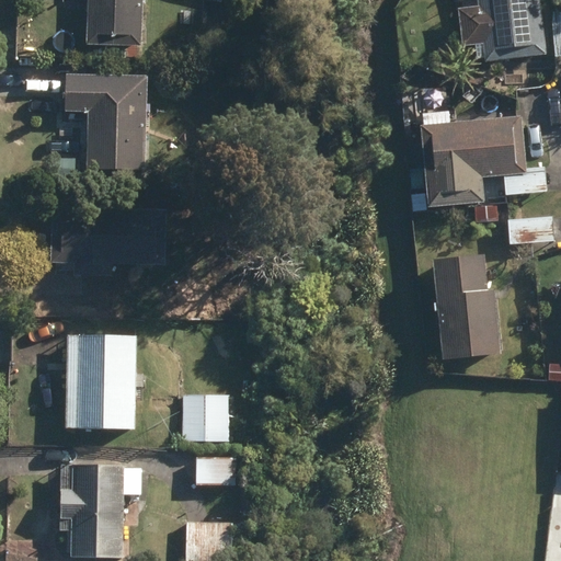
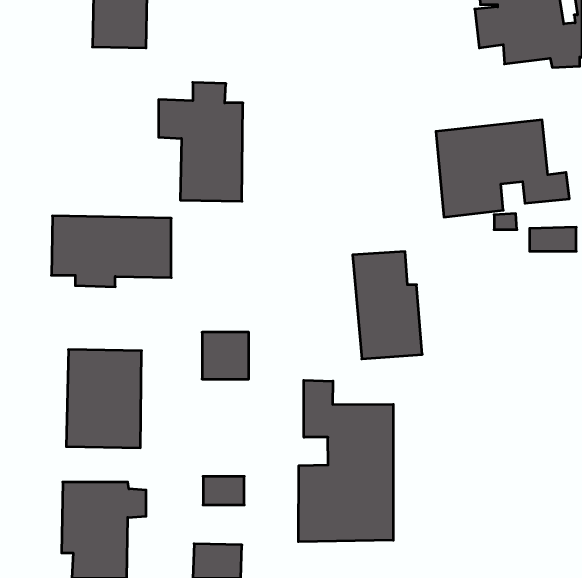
building: [65,57,146,171] -> [159,82,243,201]
building: [433,257,500,360] -> [353,252,422,359]
building: none -> [298,380,393,542]
building: [183,394,228,439] -> [202,332,249,379]

